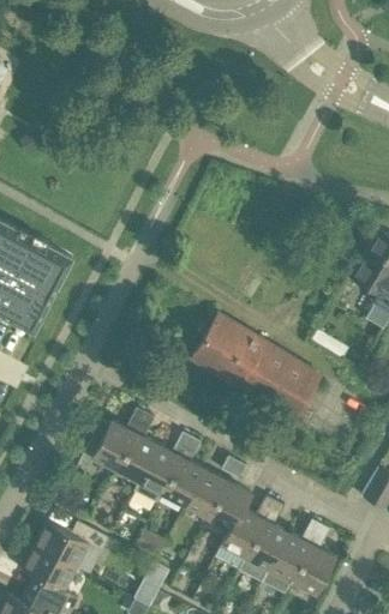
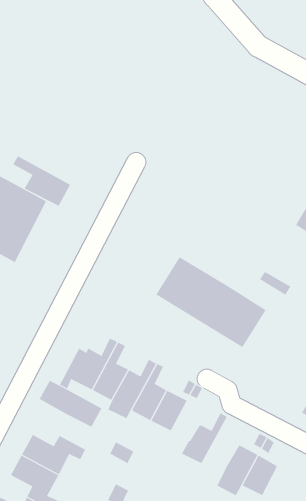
building: none -> [13,156,71,206]
building: none -> [39,380,102,427]
building: [209,482,251,529] -> none
building: [238,501,288,582] -> none

